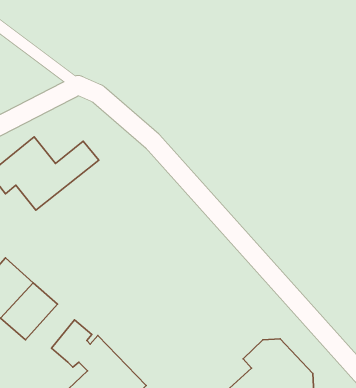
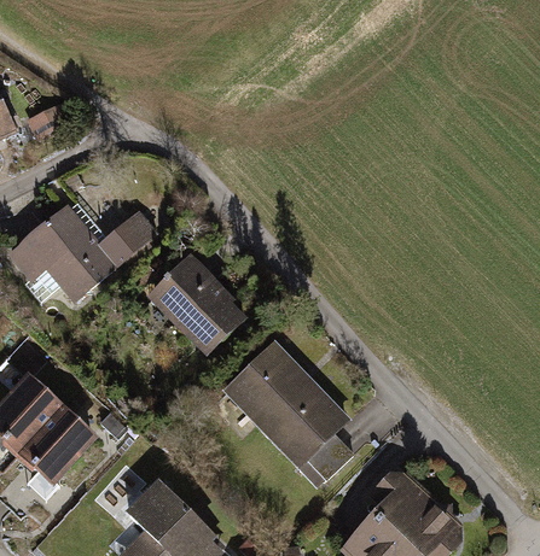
building: none -> [147,259,252,365]
building: none -> [221,345,355,493]

